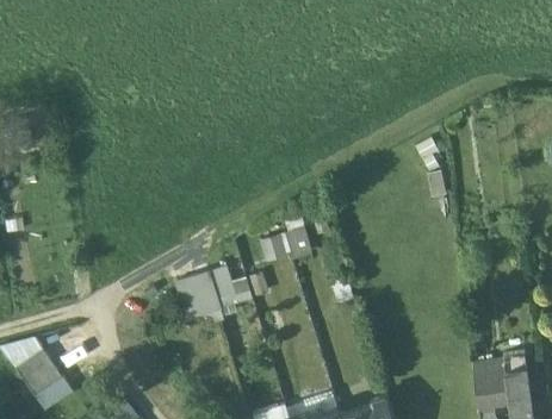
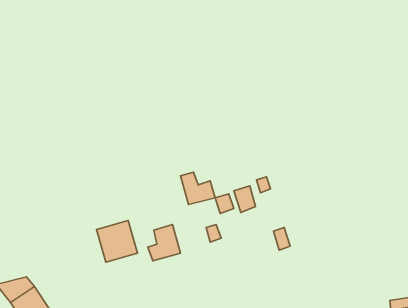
building: [210,269,252,308] -> [181,172,215,205]
building: none -> [97,221,138,262]

